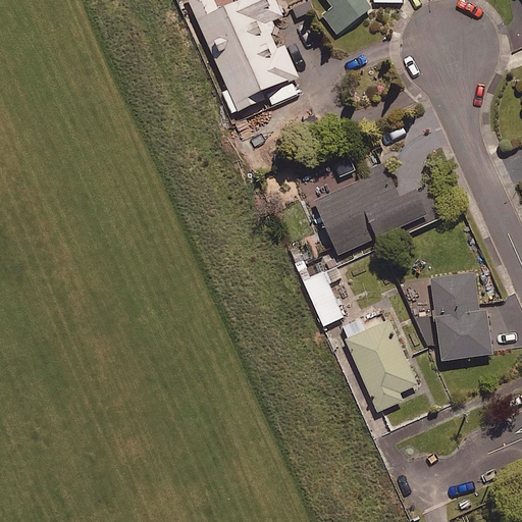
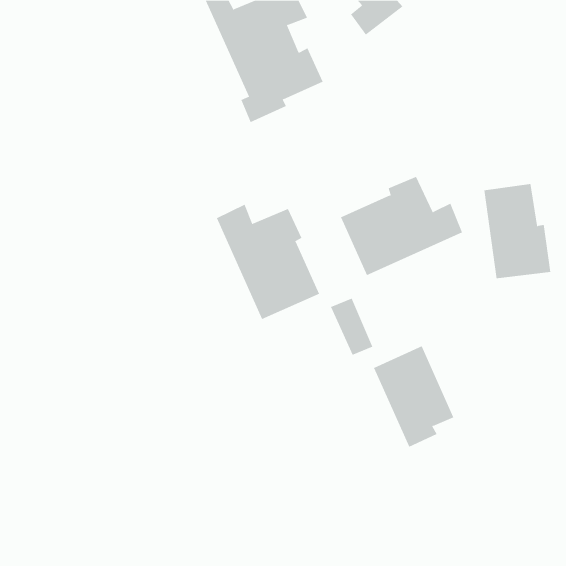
building: none -> [216,204,320,320]
building: [429,271,491,359] -> [484,184,551,279]

